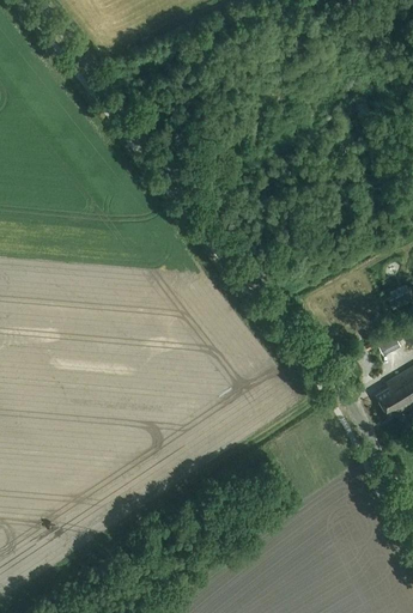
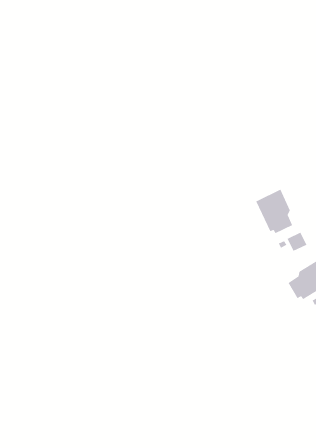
building: none -> [255,189,293,234]

